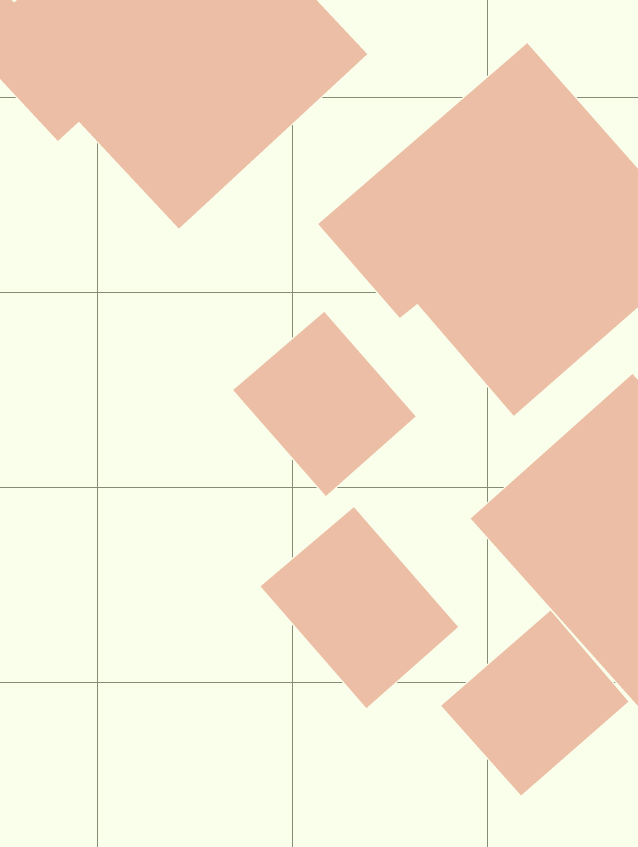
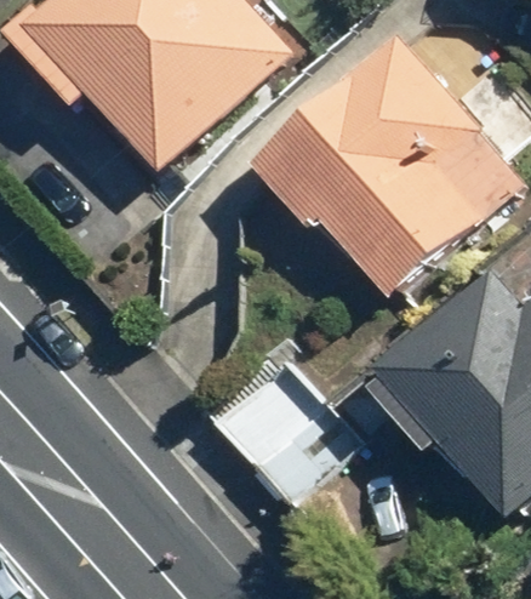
building: [232,311,416,497] -> none
building: [440,609,630,797] -> none

